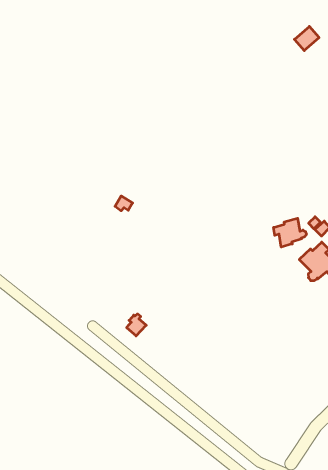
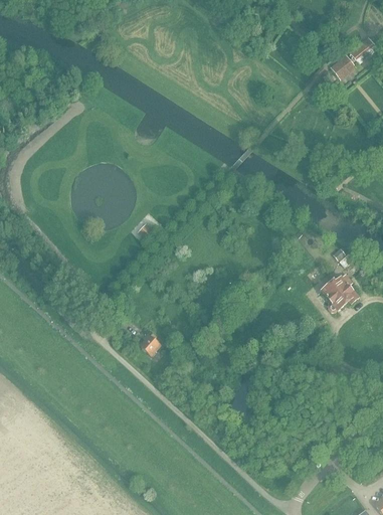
building: [274,218,306,247] -> none

